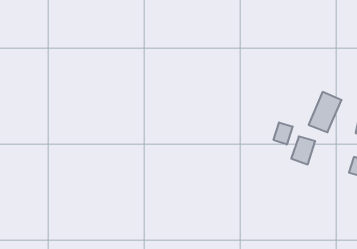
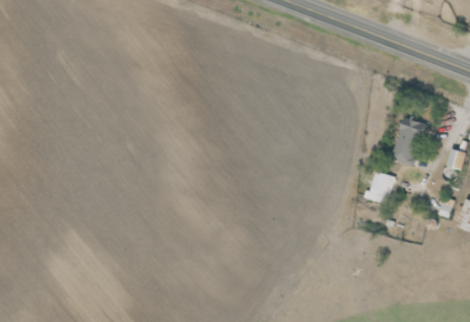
building: [274,122,293,145] -> none

